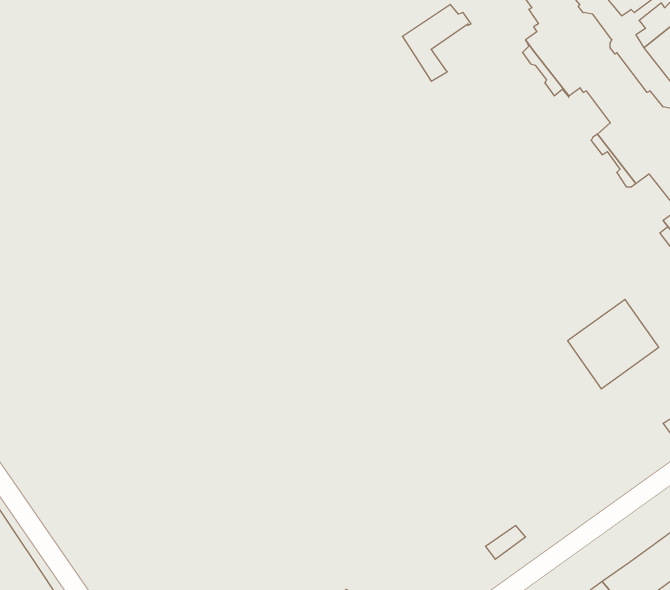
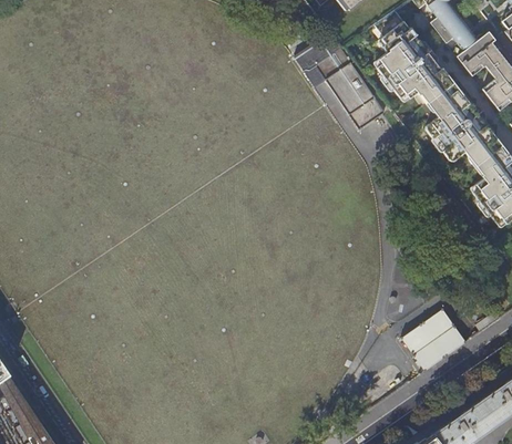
building: none -> [315,48,385,130]
building: [568,299,659,389] -> [402,310,465,372]

